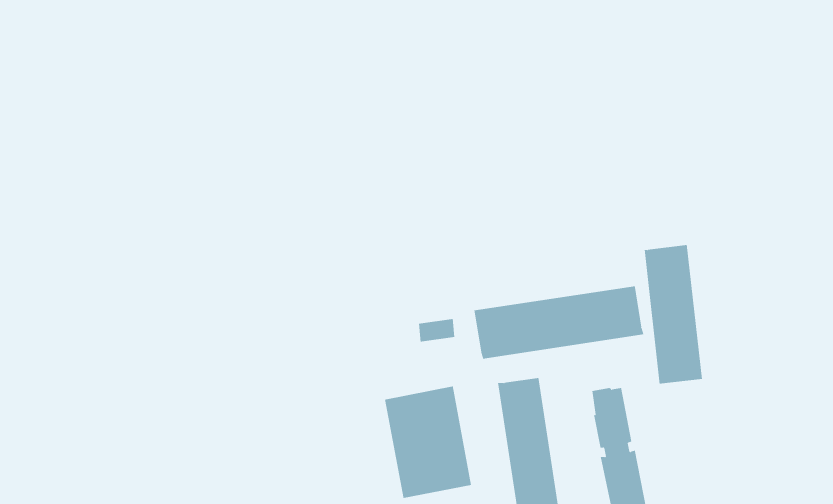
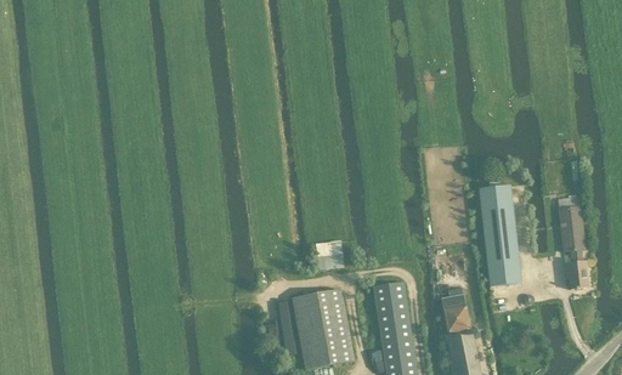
building: none -> [556,194,587,288]
building: [474,285,644,359] -> none

